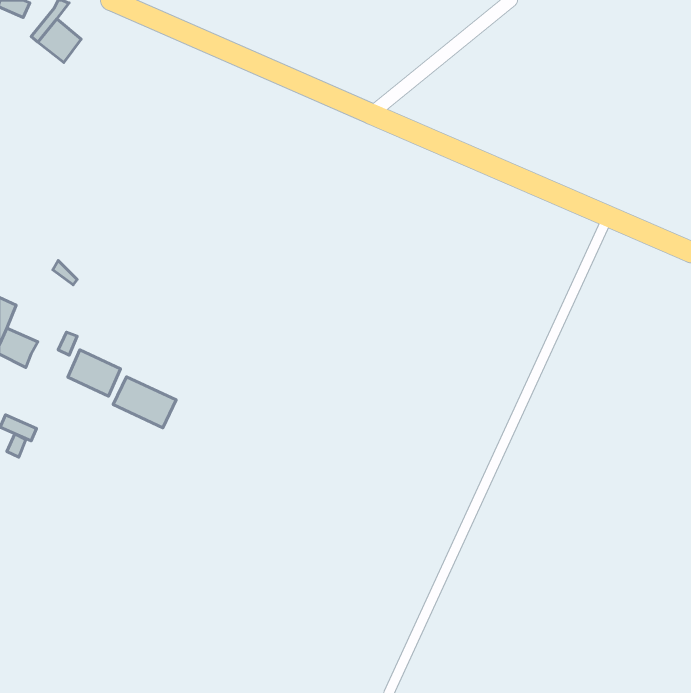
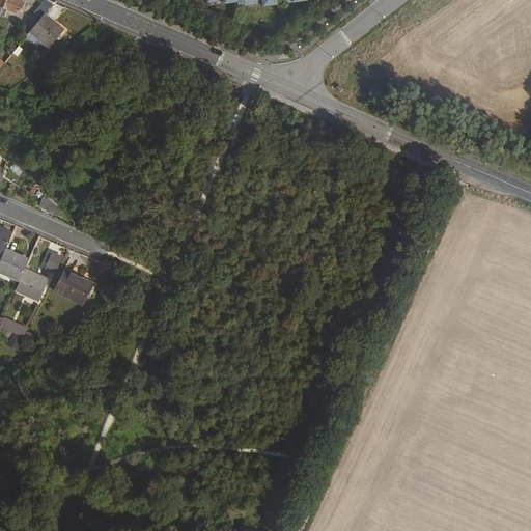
building: none -> [16,271,49,301]
building: [113,377,176,428] -> none

